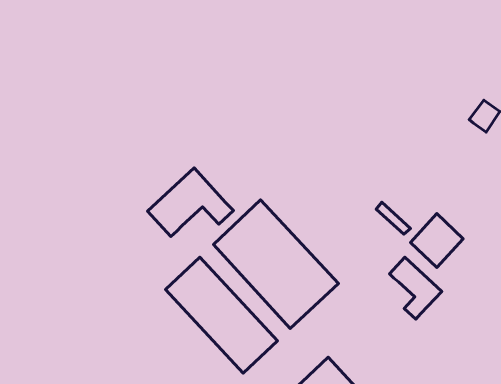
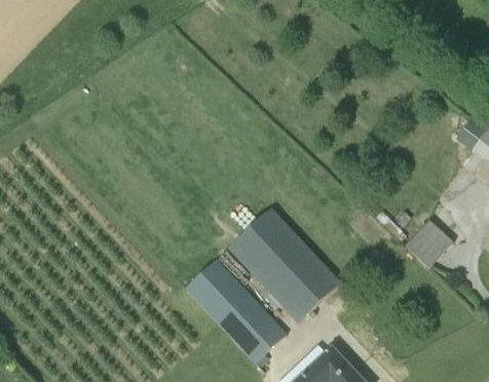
building: [148,168,234,236] -> none
building: [389,257,442,319] -> none

